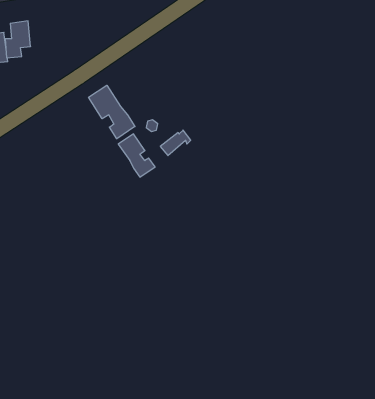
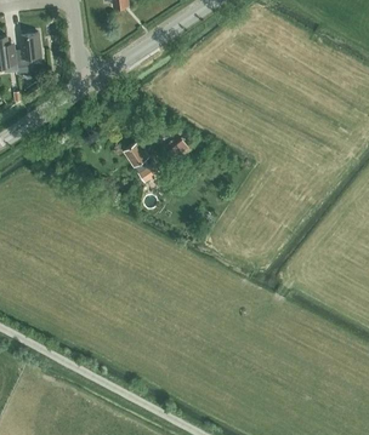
building: [89,85,135,139] -> none

